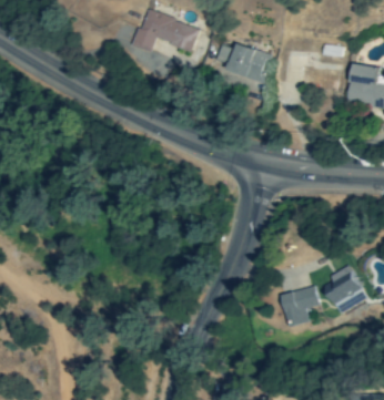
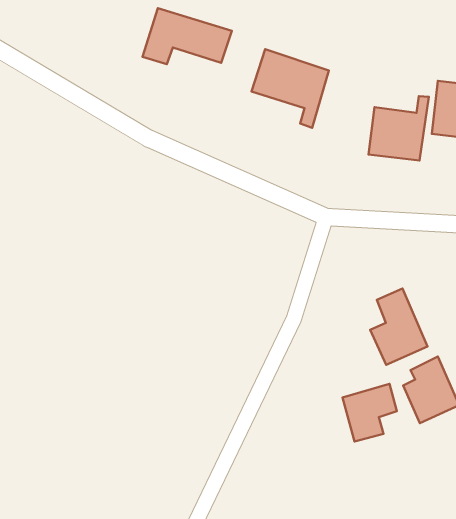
building: none -> [368,96,429,160]
building: none -> [370,288,428,365]

